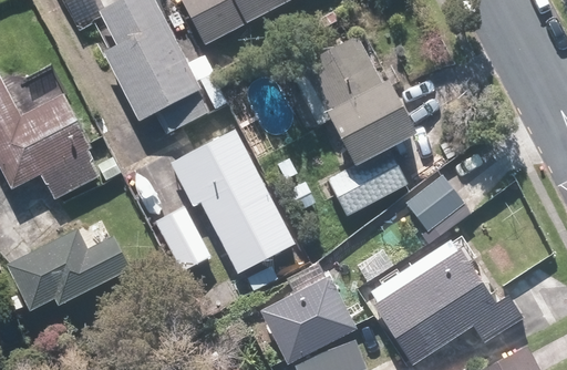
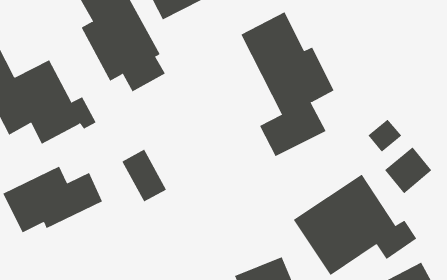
building: [168,130,295,275] -> none
building: [403,173,463,233] -> [384,146,432,194]
building: [260,275,355,363] -> none

